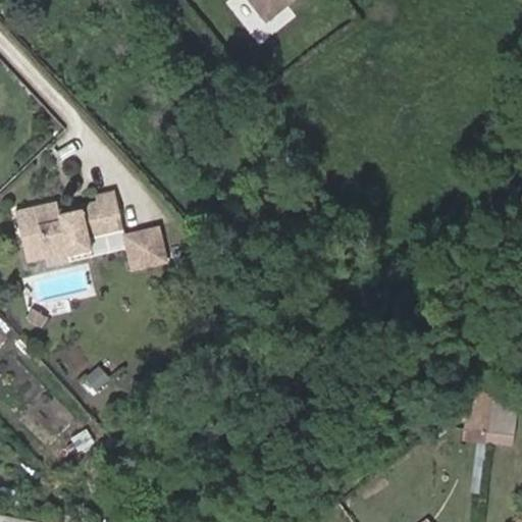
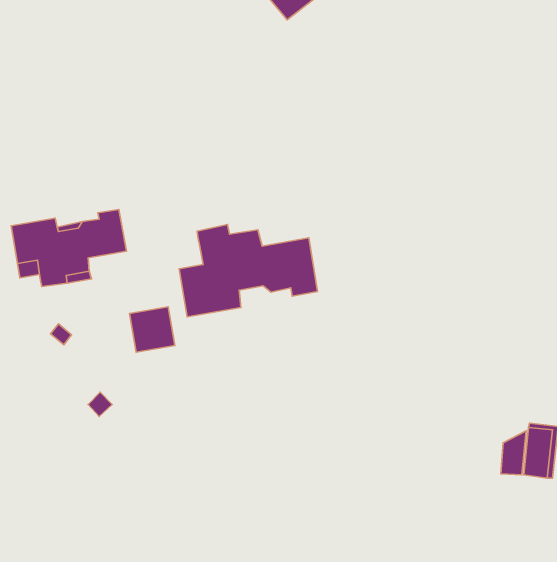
building: none -> [179,224,318,317]
building: [122,231,164,273] -> [130,307,175,352]

